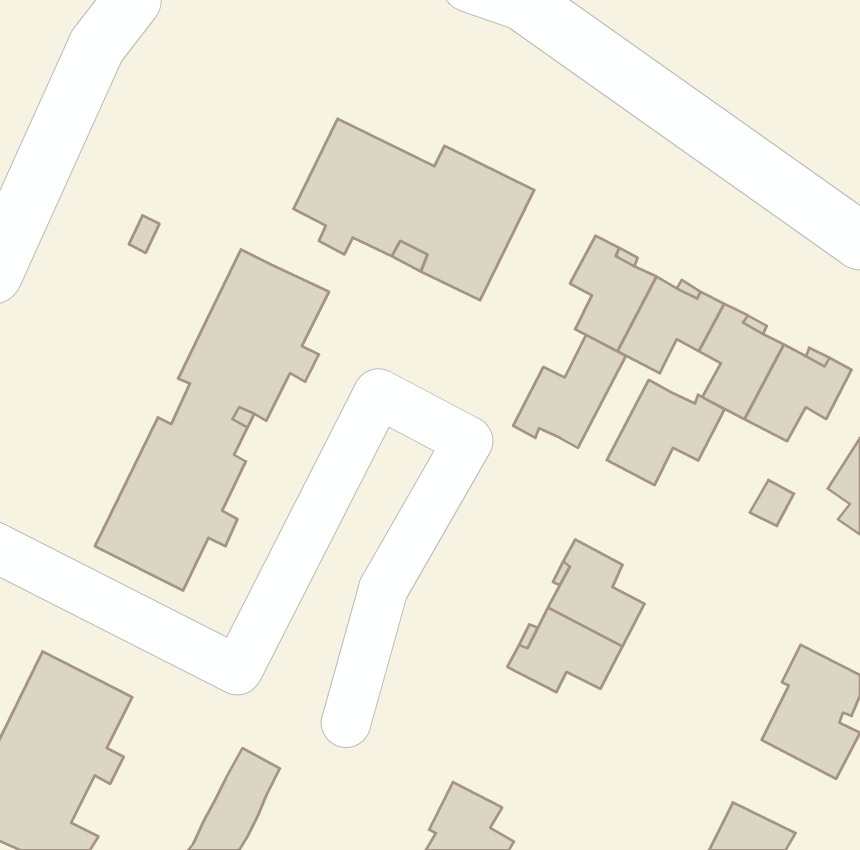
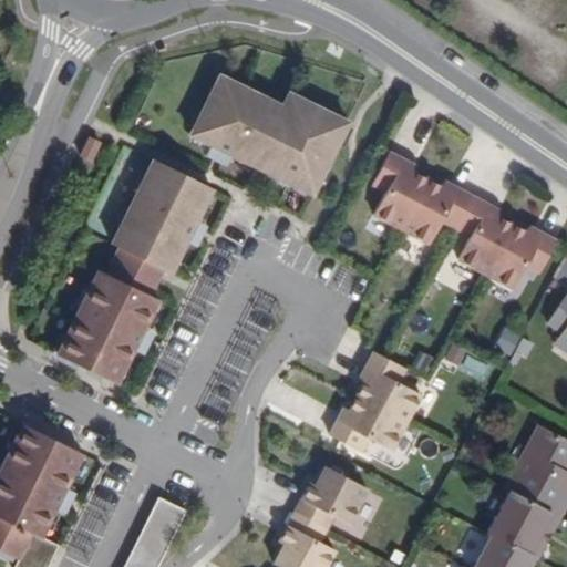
building: [513,335,626,448] -> none
building: [607,380,724,485] -> none
building: none -> [296,465,369,527]
building: none -> [477,483,546,548]

